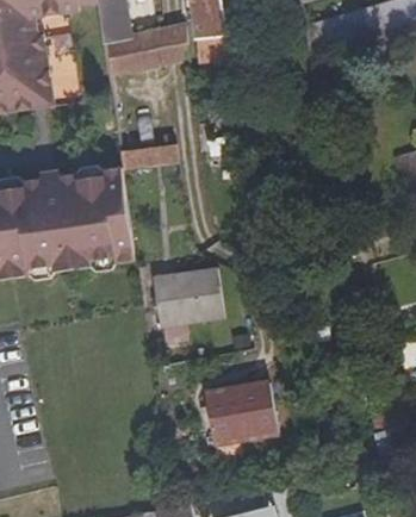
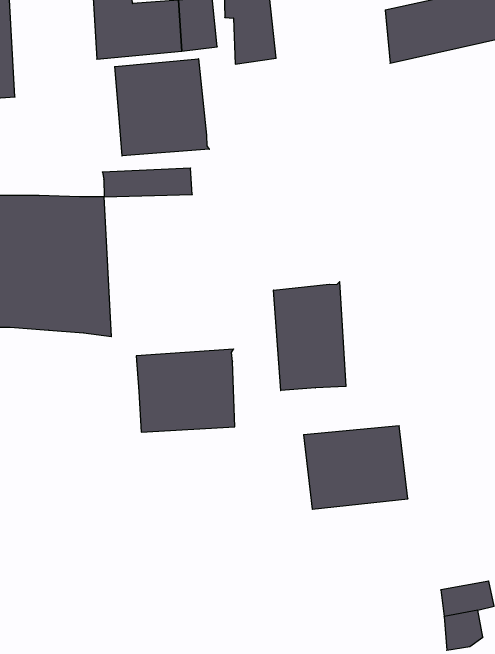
building: none -> [115,59,209,156]
building: none -> [274,282,346,391]
building: [204,382,278,443] -> [304,426,408,509]

